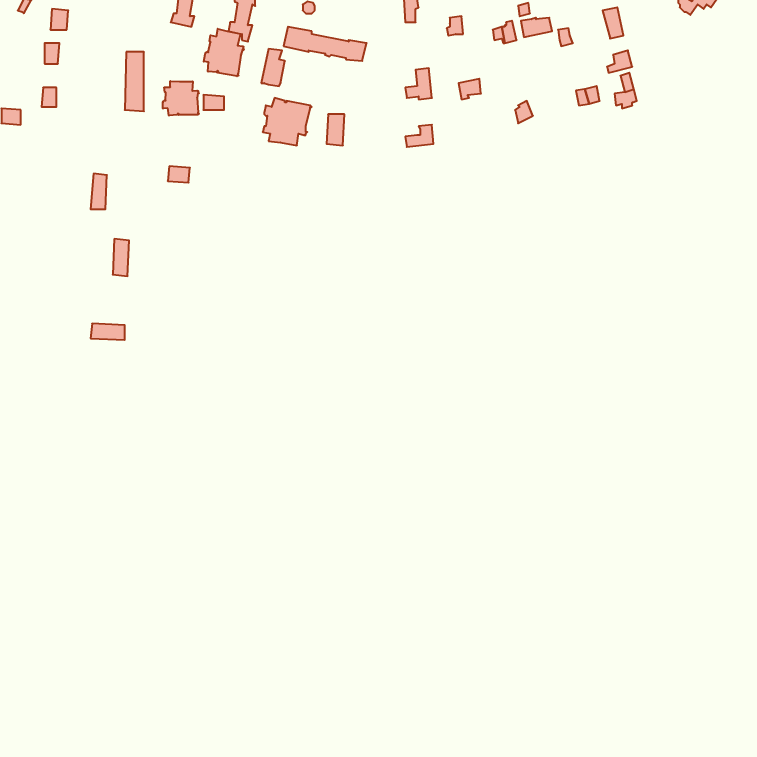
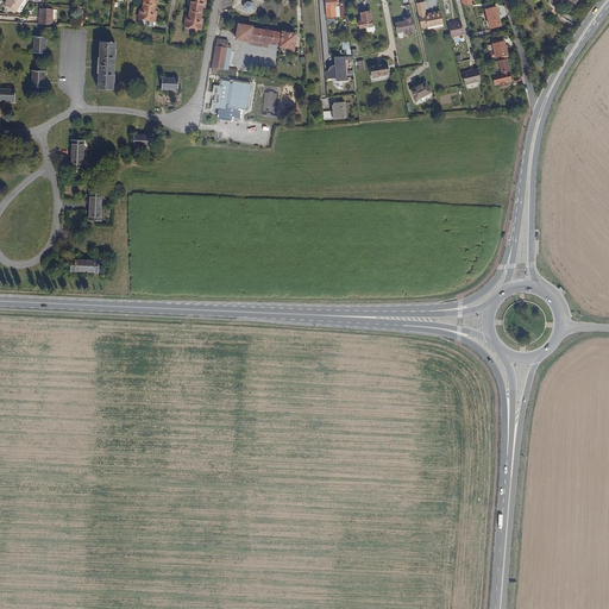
building: [204,29,244,76] -> none
building: [163,81,199,116] -> none

